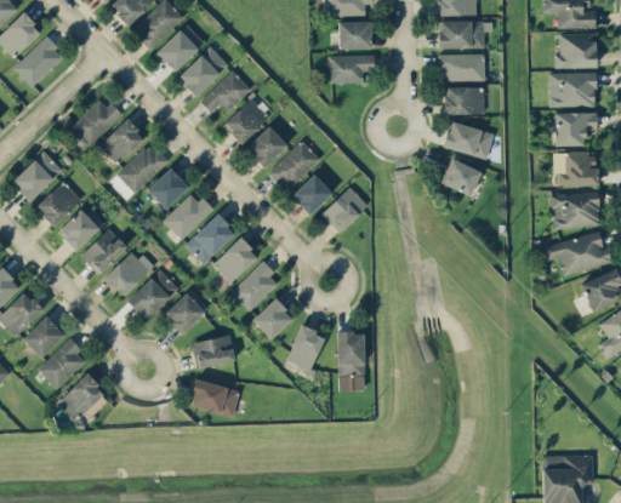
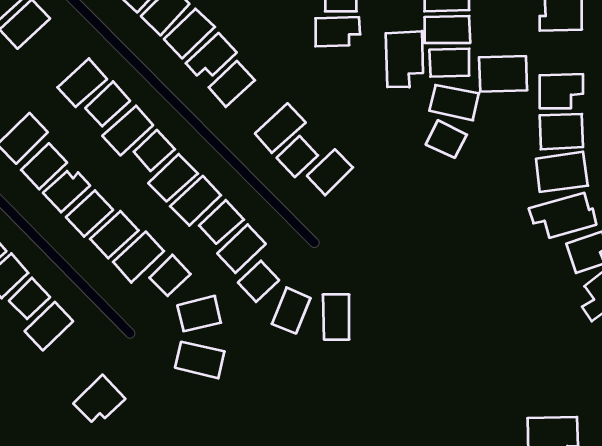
building: none -> [386,31,423,87]
building: [548,72,597,107] -> [479,56,527,91]
building: [246,126,287,167] -> none
building: [57,375,109,422] -> [73,375,125,422]

